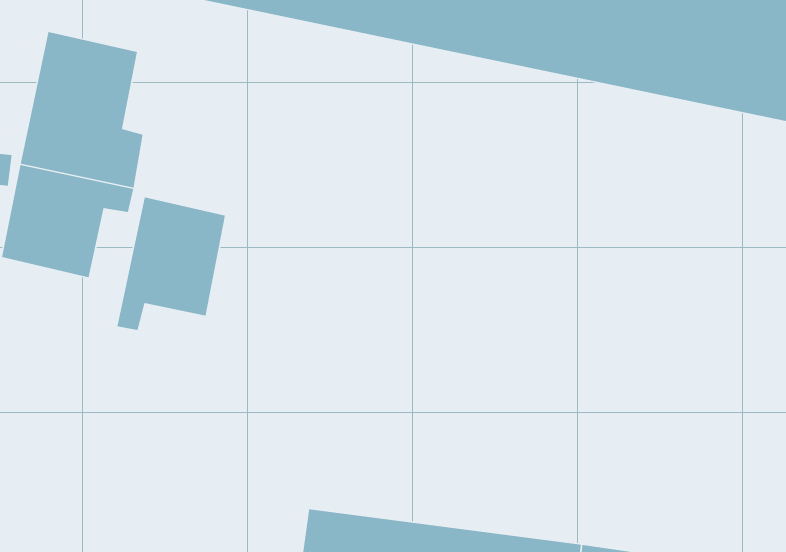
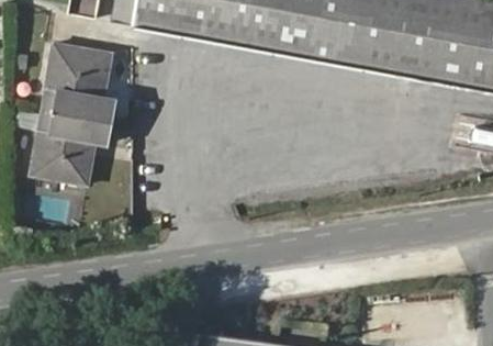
building: [116,196,226,331] -> none

